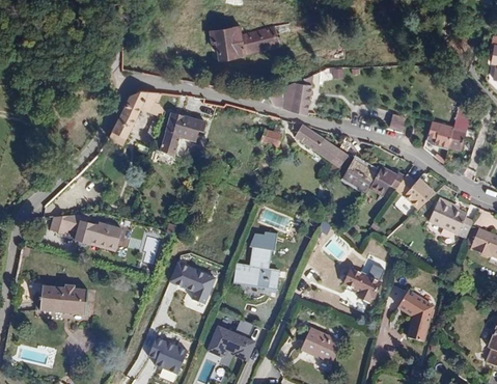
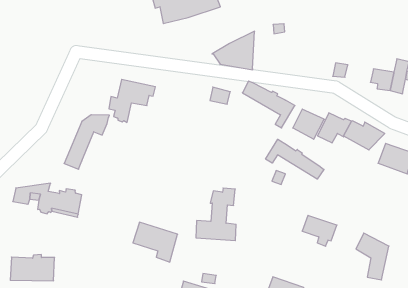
building: [108,89,159,144] -> [64,115,109,169]
building: none -> [266,139,324,179]

